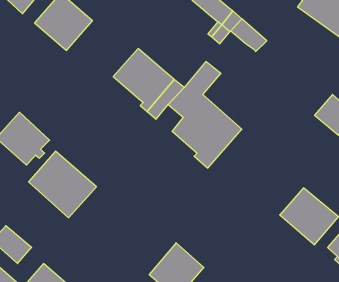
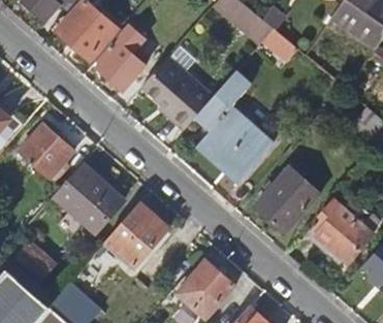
building: none -> [98,26,146,90]
building: none -> [254,167,319,233]
building: none -> [102,203,166,268]

